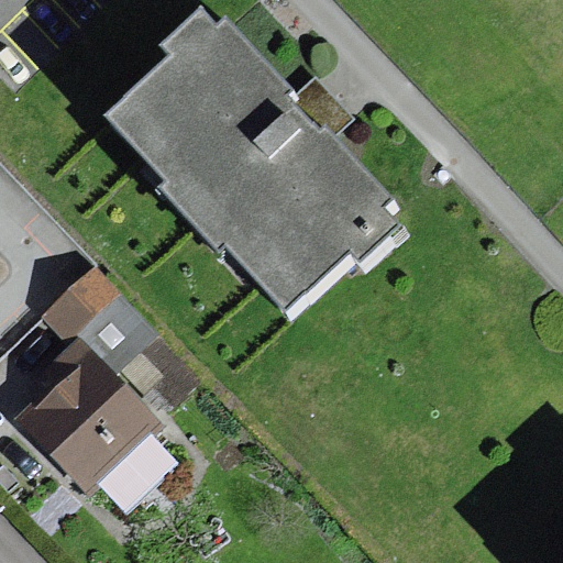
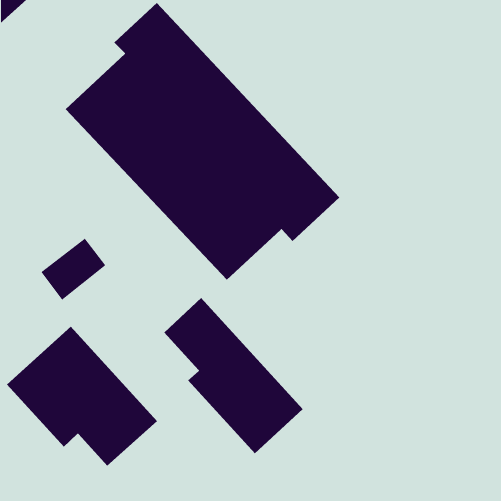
building: none -> [163,297,304,454]

